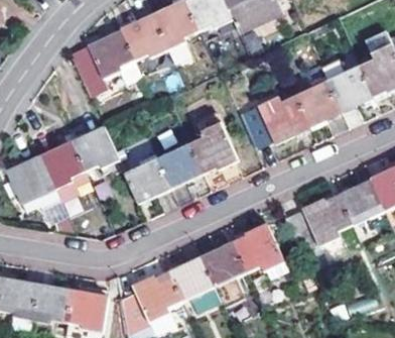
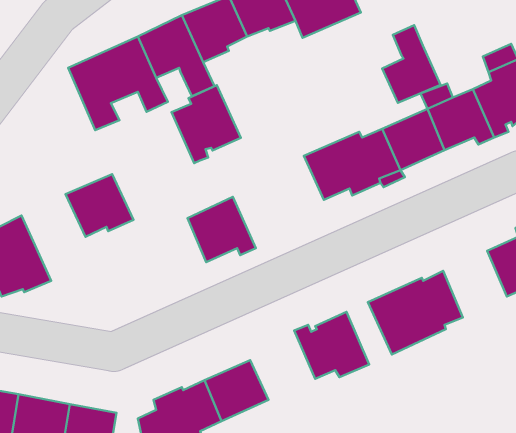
building: none -> [382,25,441,103]
building: [188,123,238,179] -> [171,85,241,163]
building: [38,140,90,203] -> none
building: [124,153,169,203] -> none
building: [338,181,383,228] -> none
building: [201,237,247,287] -> none

